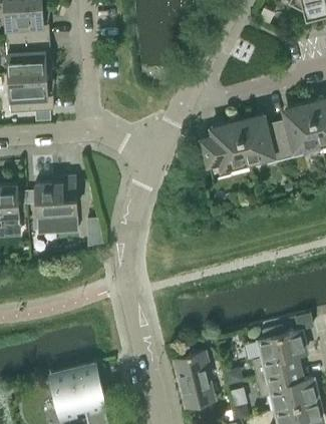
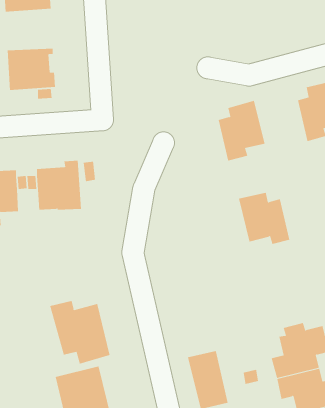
building: [6,37,51,75] -> none
building: [237,115,285,163] -> [238,192,290,244]
building: none -> [49,300,110,364]

